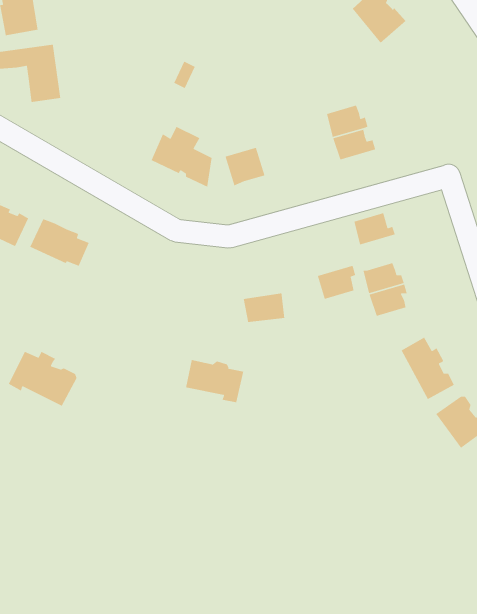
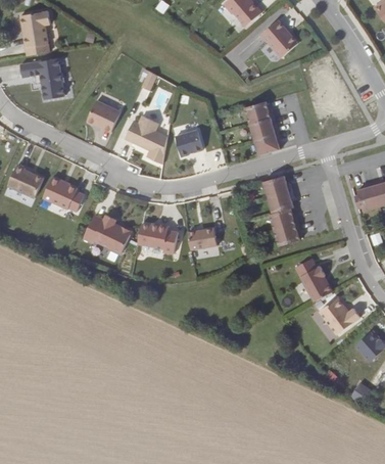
building: none -> [87,100,121,131]
building: none -> [253,132,280,155]
building: [317,265,356,300] -> [267,189,293,213]
building: [8,351,77,407] -> [84,215,131,252]
building: [185,359,244,403] -> [138,223,178,252]

